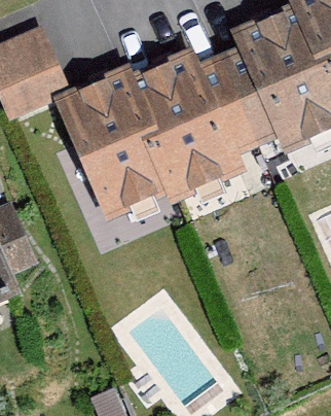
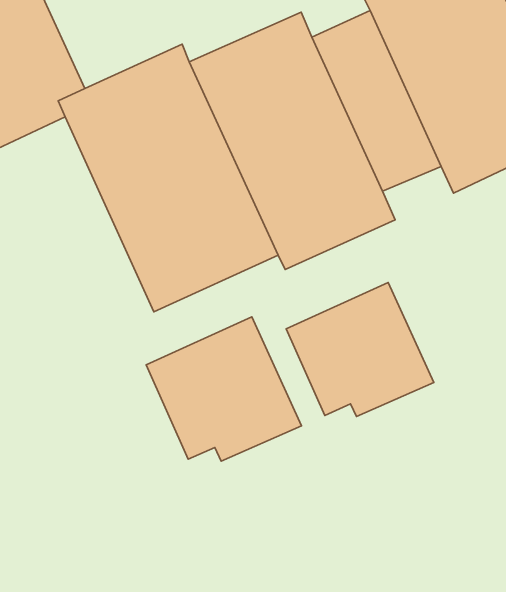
building: none -> [286,282,434,417]
building: none -> [146,317,301,461]

